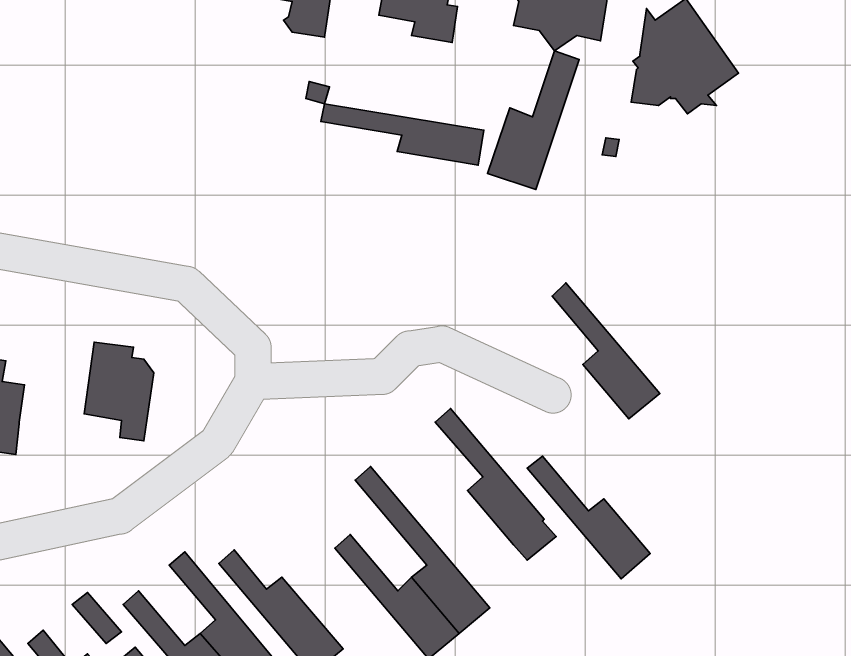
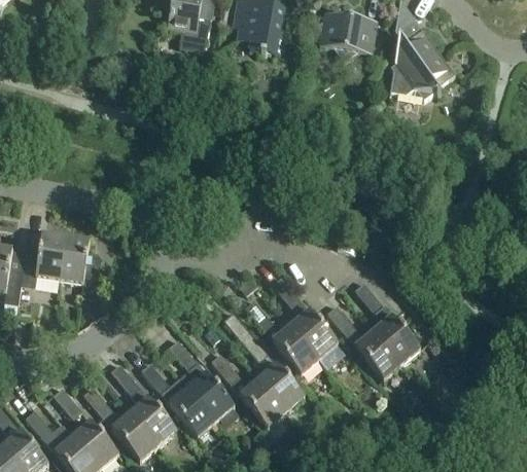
building: [488,51,579,189] -> none
building: [321,104,484,165] -> none
building: [552,283,660,419] -> [354,281,419,363]
building: none -> [20,232,65,286]
building: none -> [244,299,318,373]
building: none -> [168,338,234,421]

